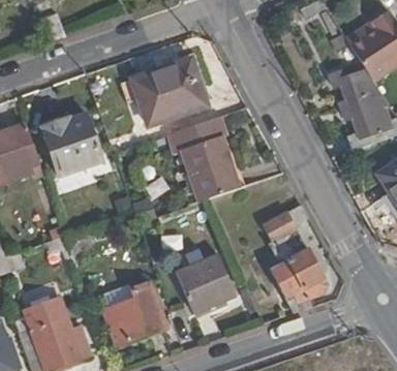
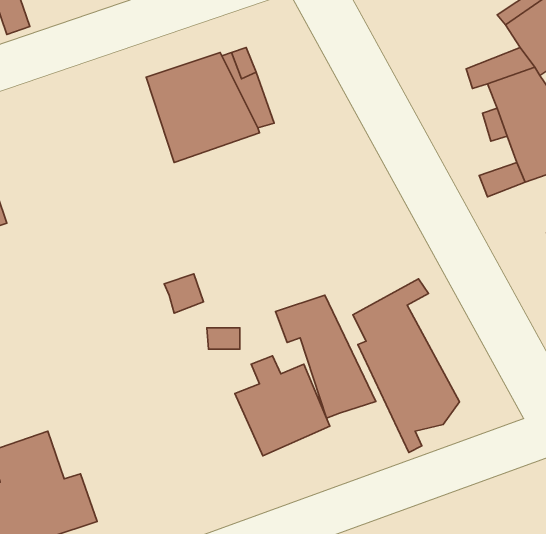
building: [44,116,103,176] -> none
building: [171,125,234,203] -> [276,295,376,418]
building: [104,282,169,347] -> none

